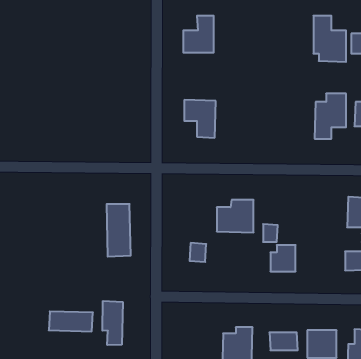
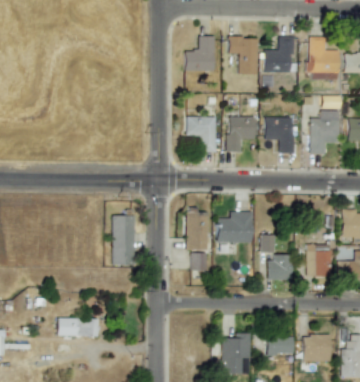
building: none -> [228,36,258,74]
building: none -> [264,36,293,72]
building: none -> [227,116,256,151]
building: none -> [265,117,293,153]
building: none -> [186,211,208,249]
building: none -> [307,244,332,276]
building: [102,301,123,345] -> none

